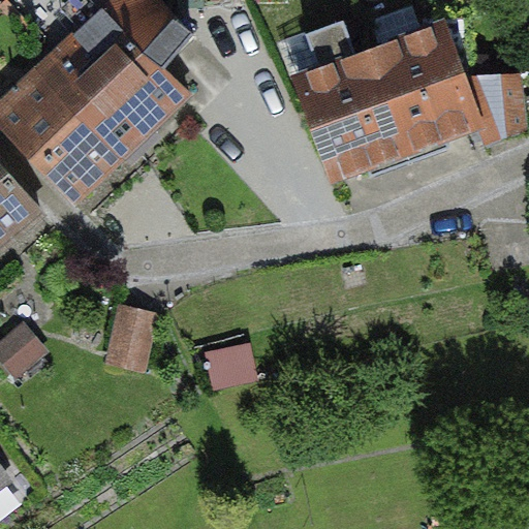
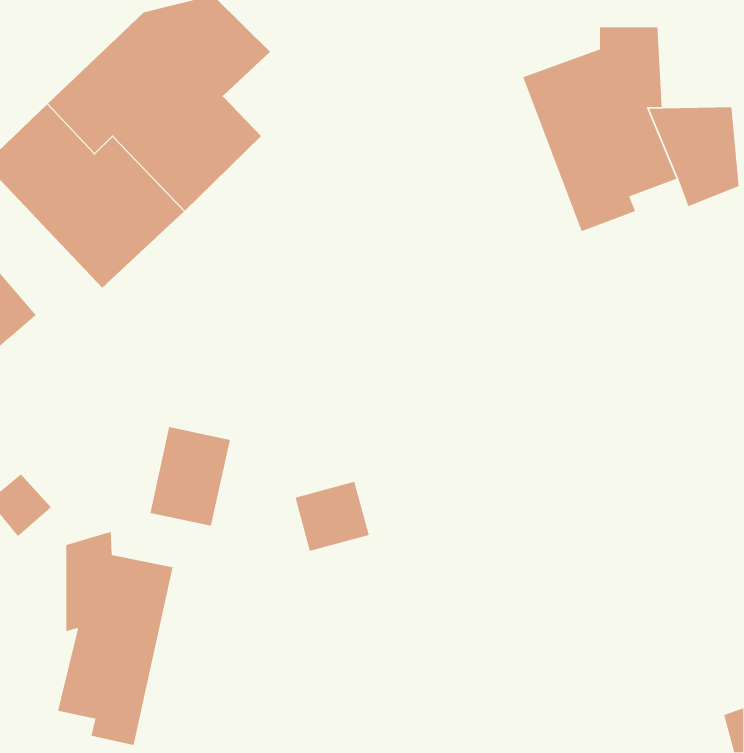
building: [292,22,406,178] -> none
building: none -> [57,531,174,746]

